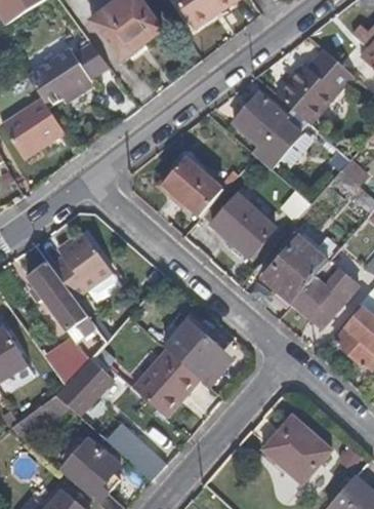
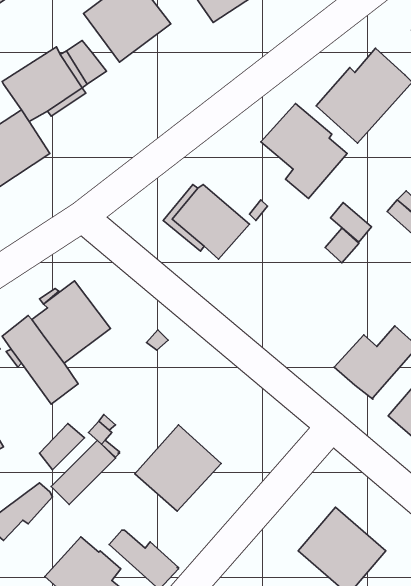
building: [210,193,277,259] -> none
building: [262,236,329,303] -> none
building: [164,320,224,387] -> none

